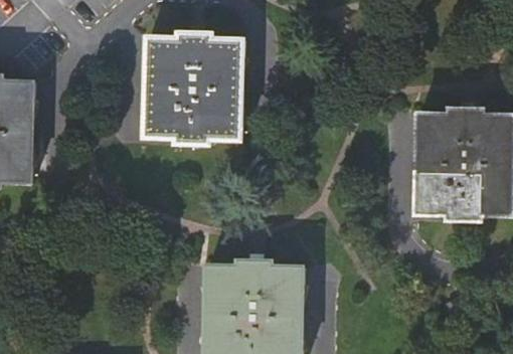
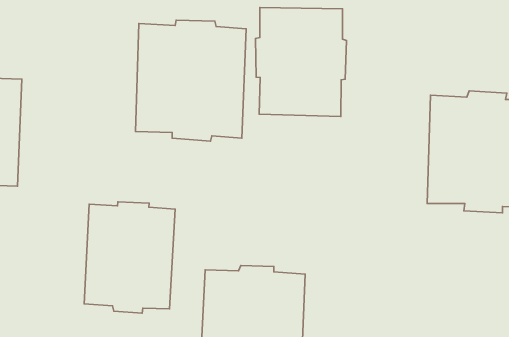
building: none -> [256,7,346,116]
building: none -> [84,202,175,313]

